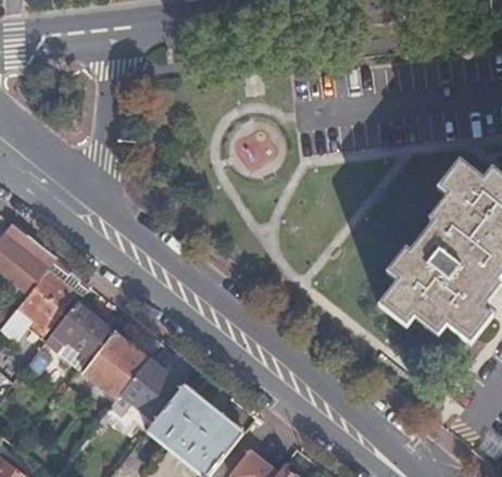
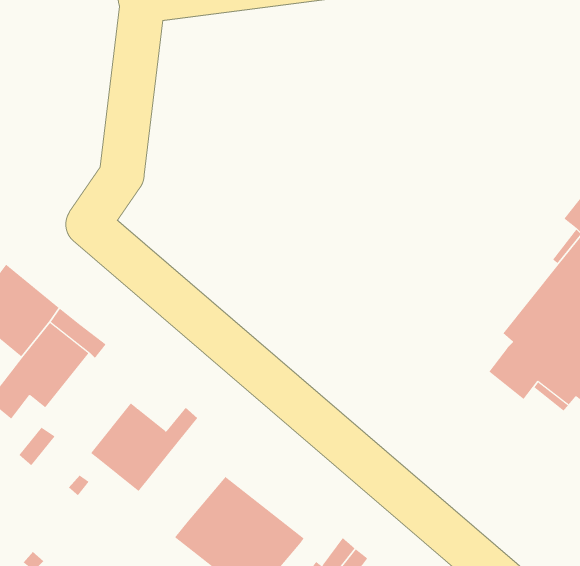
building: [40,296,105,365] -> none
building: [104,356,178,418] -> none

